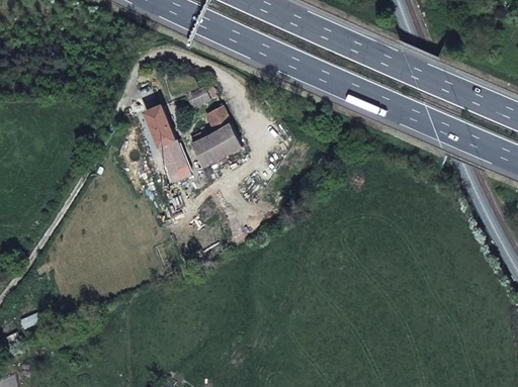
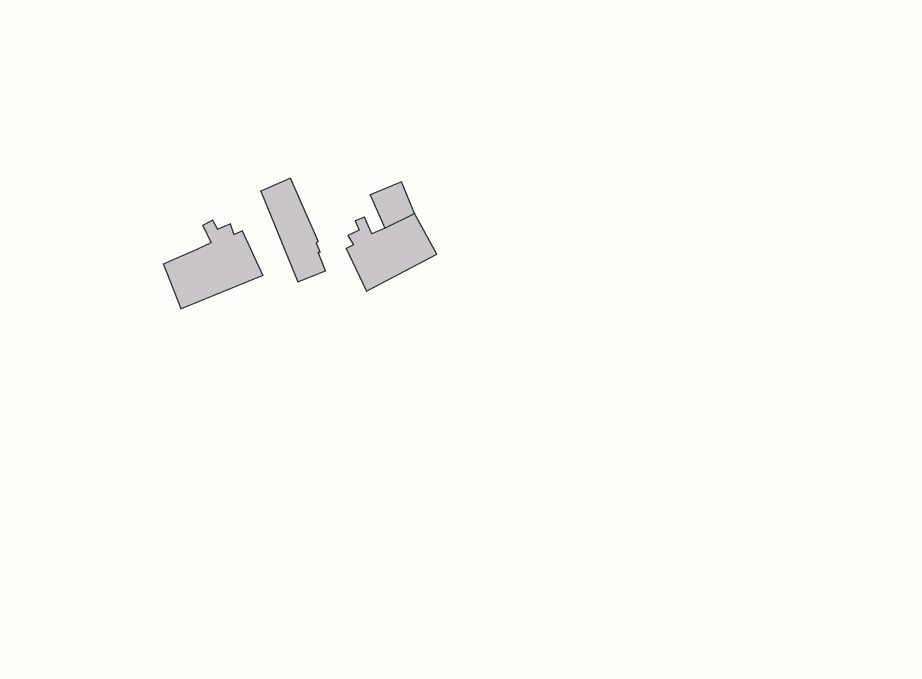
building: none -> [164,220,263,309]
building: [165,144,202,182] -> none

